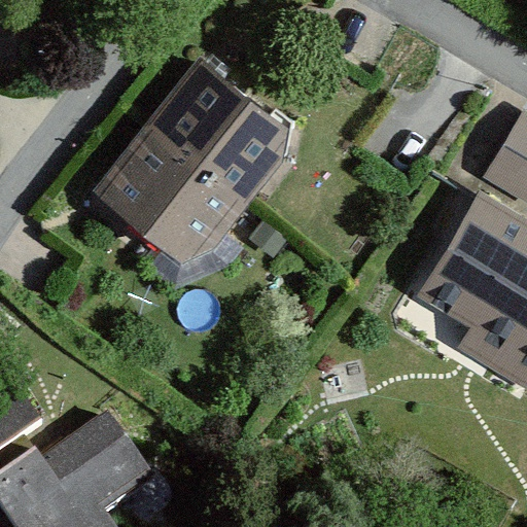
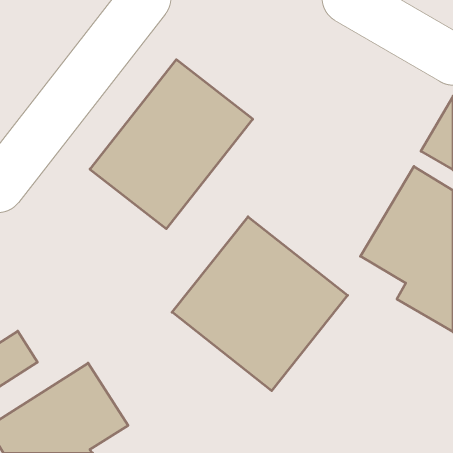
building: none -> [172,217,348,391]

